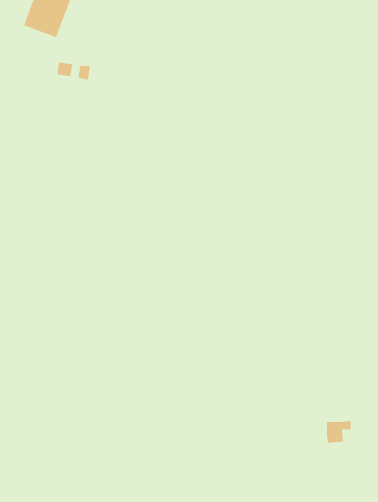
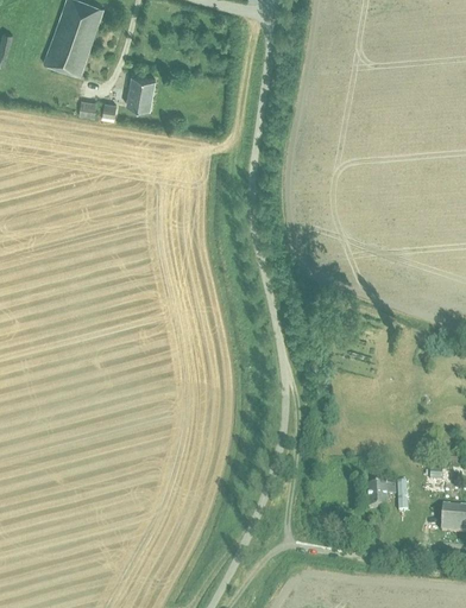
building: none -> [127,75,155,107]

